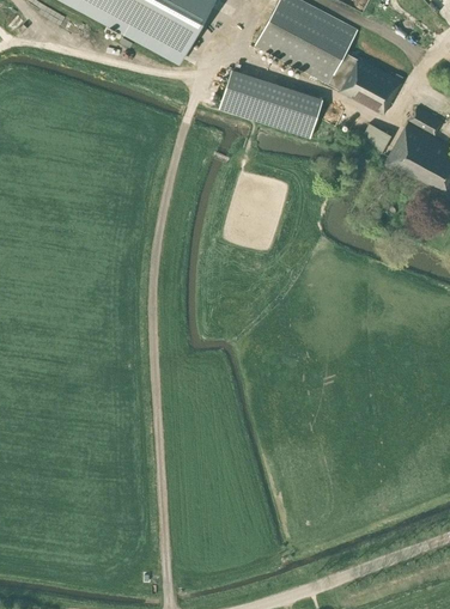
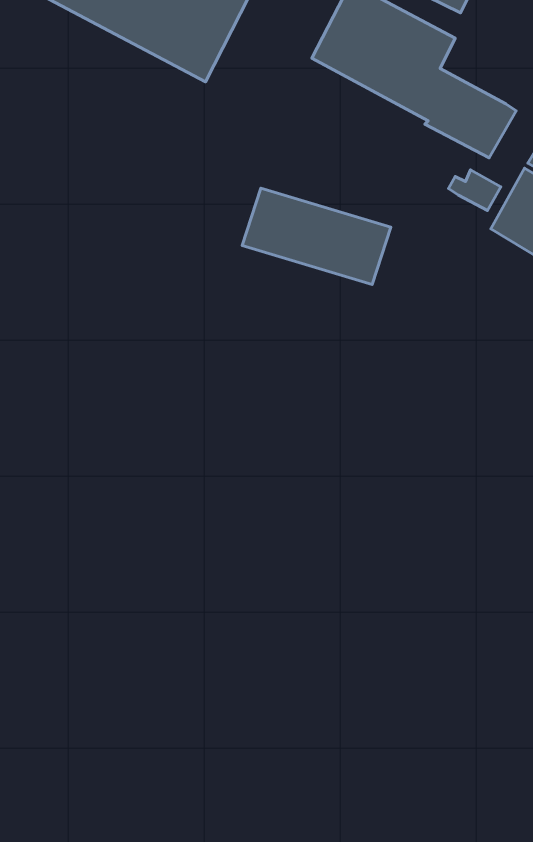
building: [213,68,318,136] -> [242,188,391,284]

